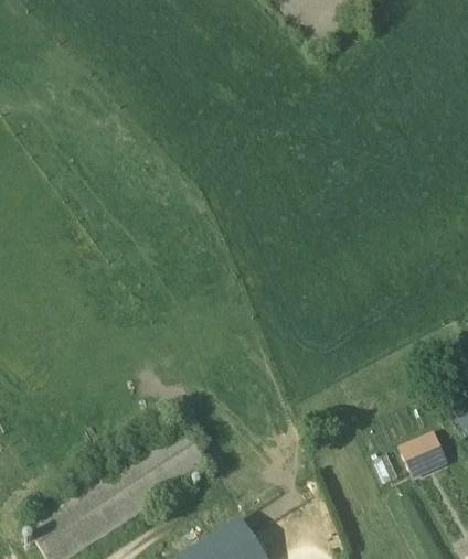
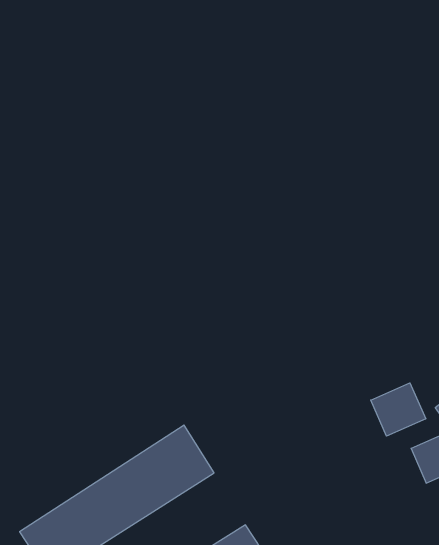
building: none -> [371,383,426,436]

